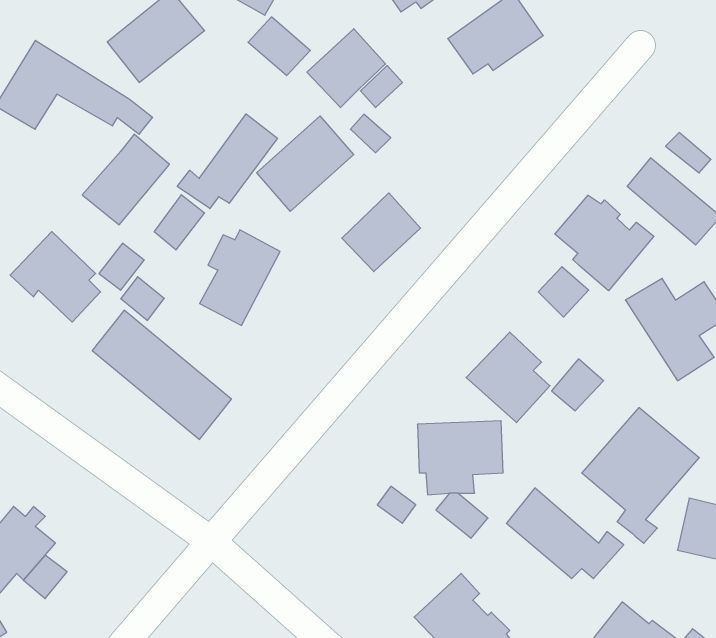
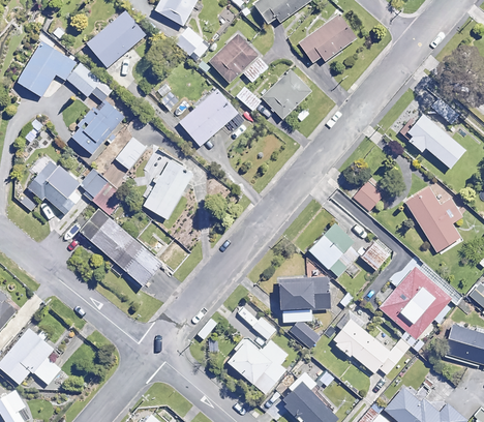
building: [177,114,277,209] -> none
building: [342,193,421,272] -> [262,69,310,118]
building: [555,195,654,291] -> none
building: none -> [224,335,289,394]

